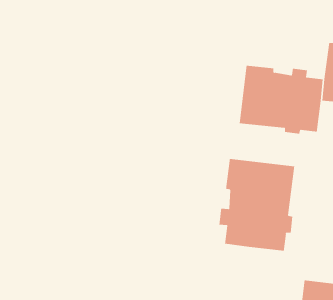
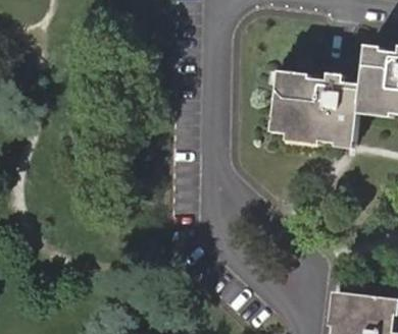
building: [219,158,295,252] -> none

